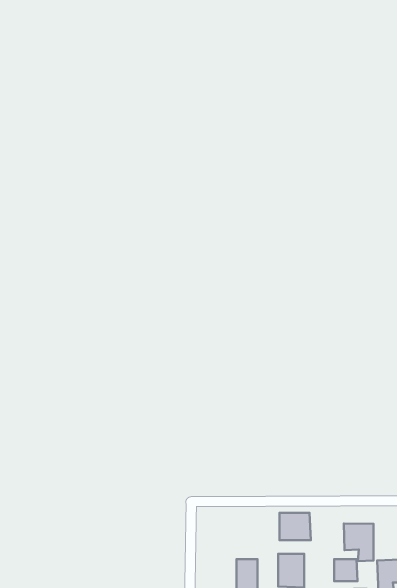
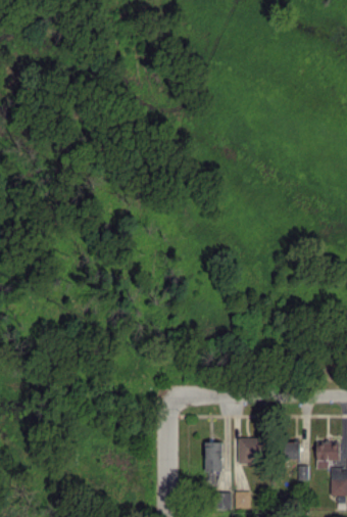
building: [279,513,311,540] -> none
building: [344,524,374,561] -> none

